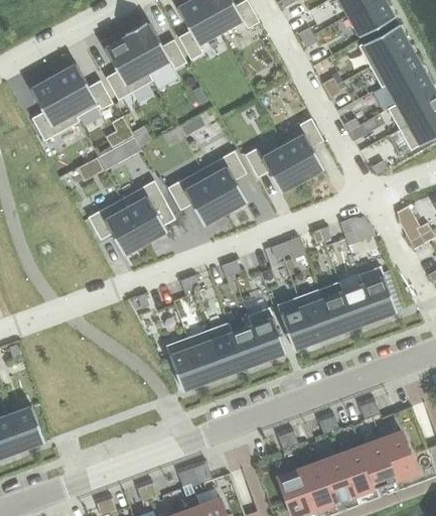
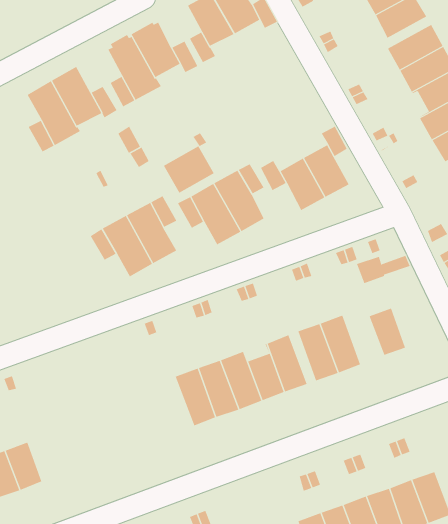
building: none -> [163,145,215,194]
building: [359,266,397,319] -> none
building: [318,282,355,335] -> none

